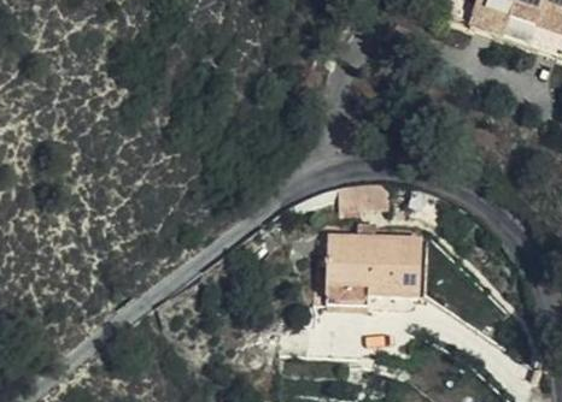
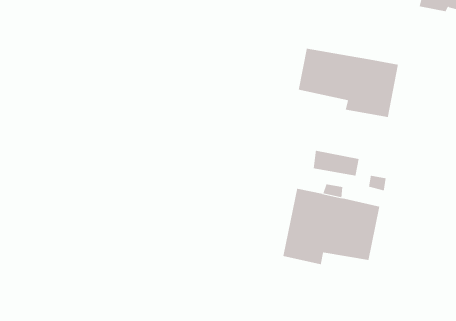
building: none -> [298,48,398,118]

